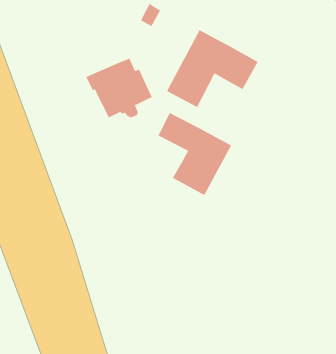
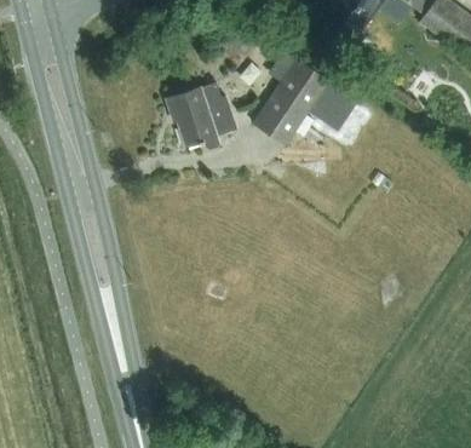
building: [158,112,232,196] -> none

